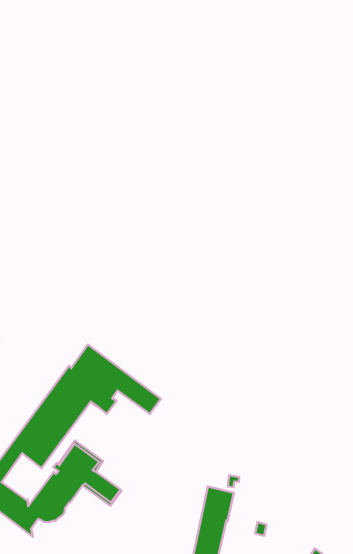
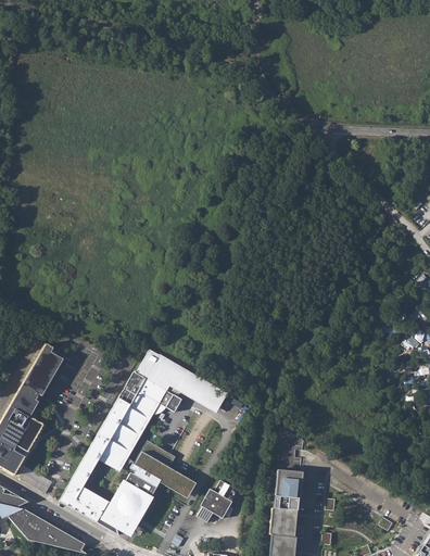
building: none -> [197,480,233,522]

